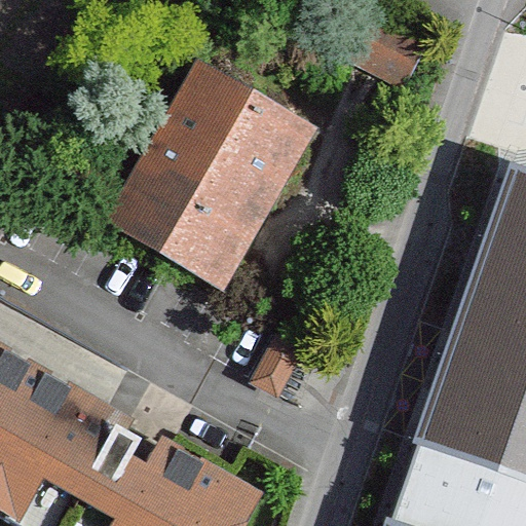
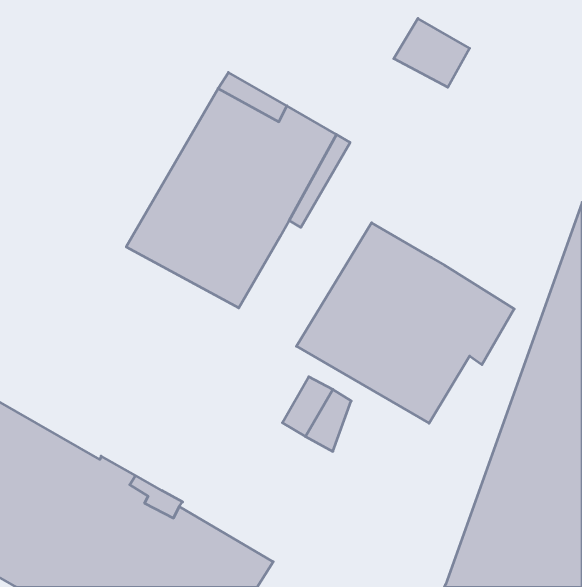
building: none -> [296,223,514,423]

